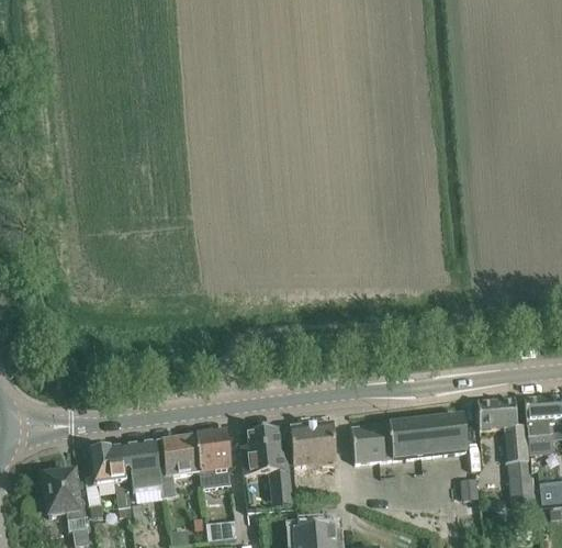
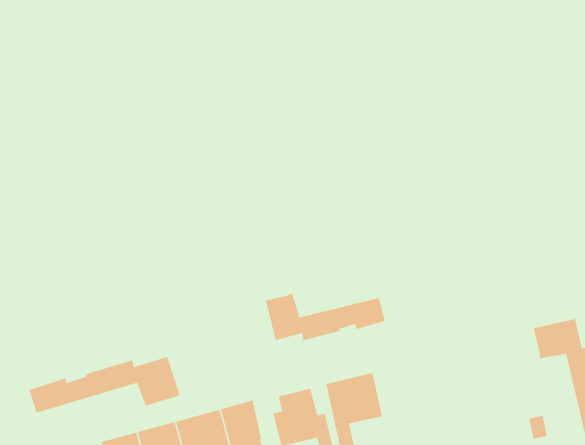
building: none -> [265,293,385,341]
building: none -> [29,356,181,413]
building: [351,414,467,461] -> none

